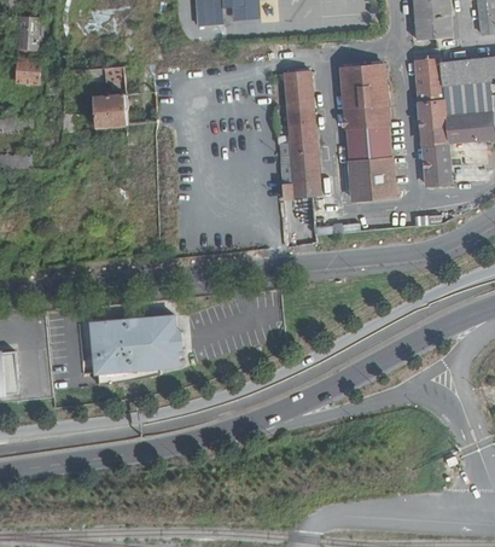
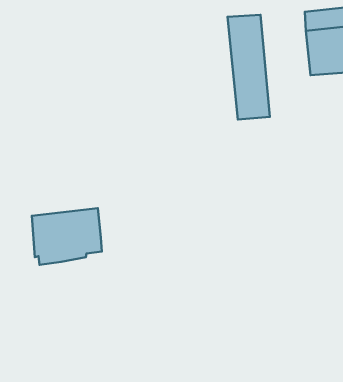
building: [414,60,450,186] -> none
building: [94,66,126,127] -> none
building: [275,71,320,198] -> none

